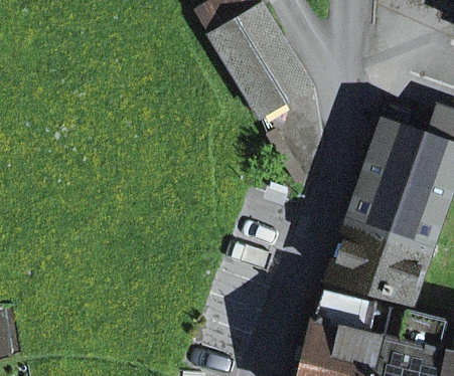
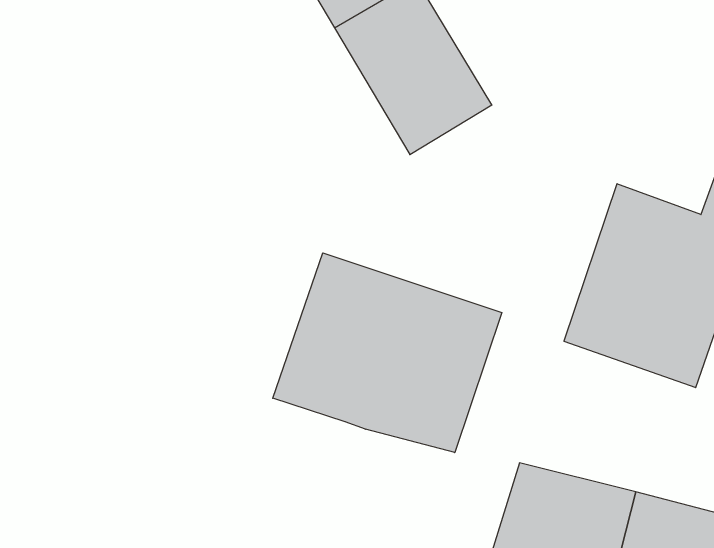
building: none -> [273,253,502,453]
building: [329,223,426,304] -> none

